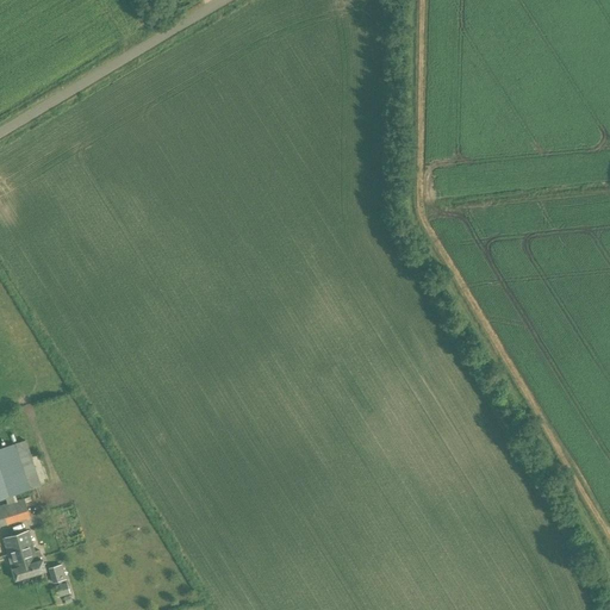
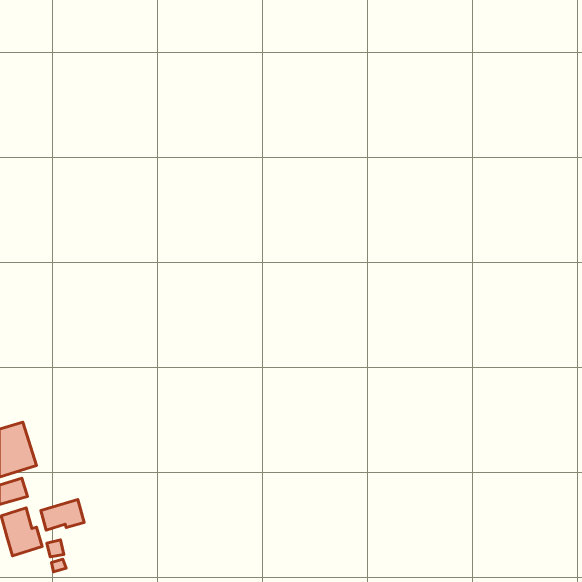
building: none -> [41,499,84,530]

